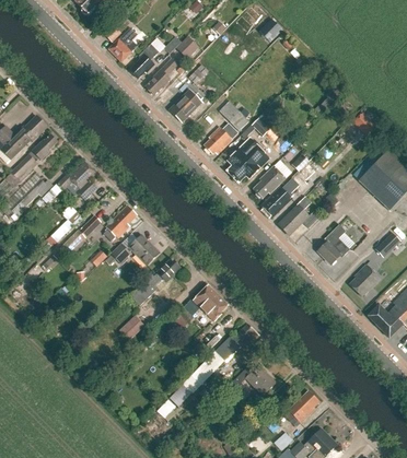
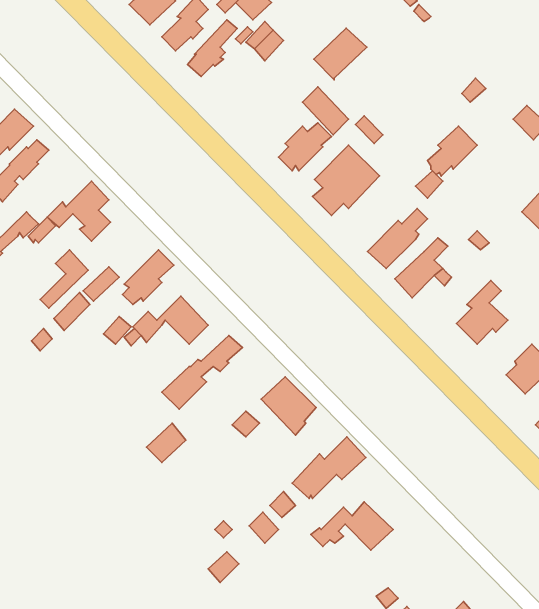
building: [168,90,202,122] -> [314,28,367,80]
building: [253,166,284,198] -> [428,126,477,176]
building: [284,391,319,426] -> none

